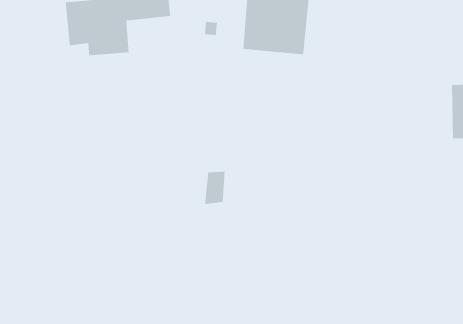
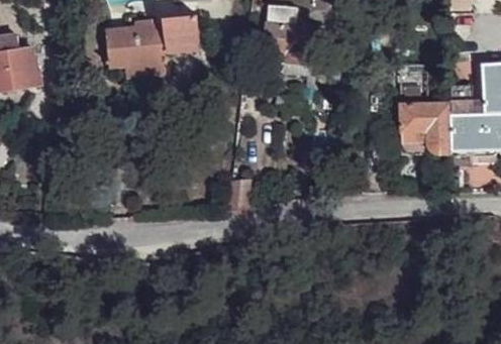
building: none -> [399,86,450,150]

